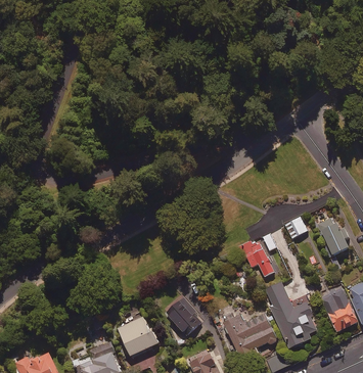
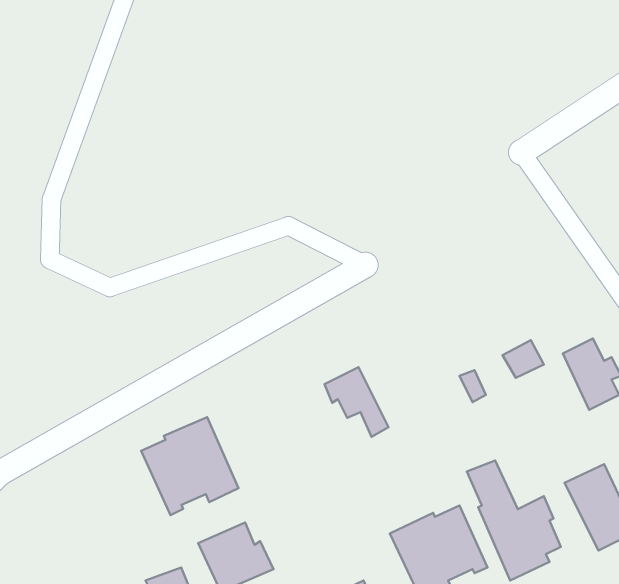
building: [238,239,273,277] -> [325,367,389,437]
building: none -> [141,417,239,515]
building: [167,298,201,335] -> none

